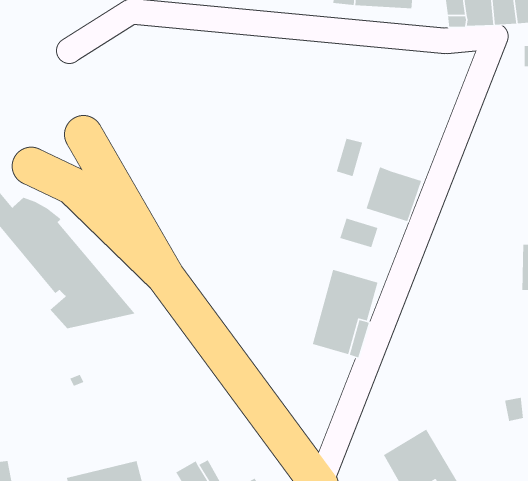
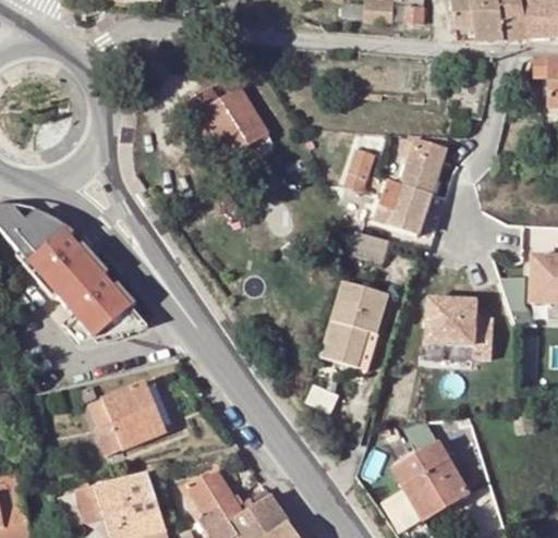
building: none -> [183,85,267,157]
building: none -> [400,137,447,193]
building: none -> [427,299,494,359]
building: none -> [89,380,171,454]

